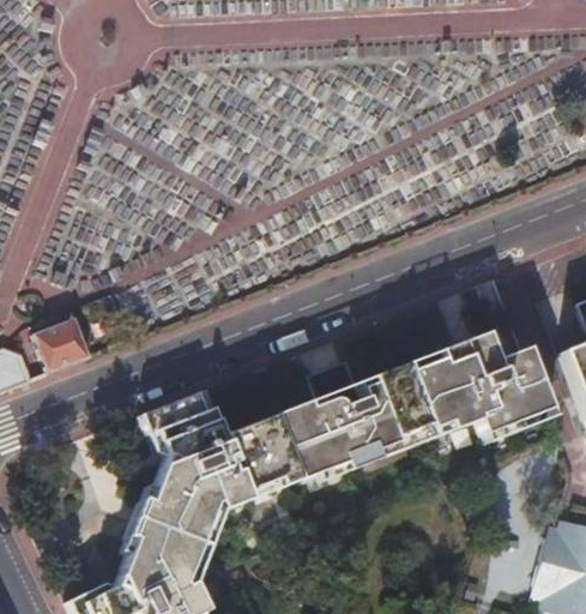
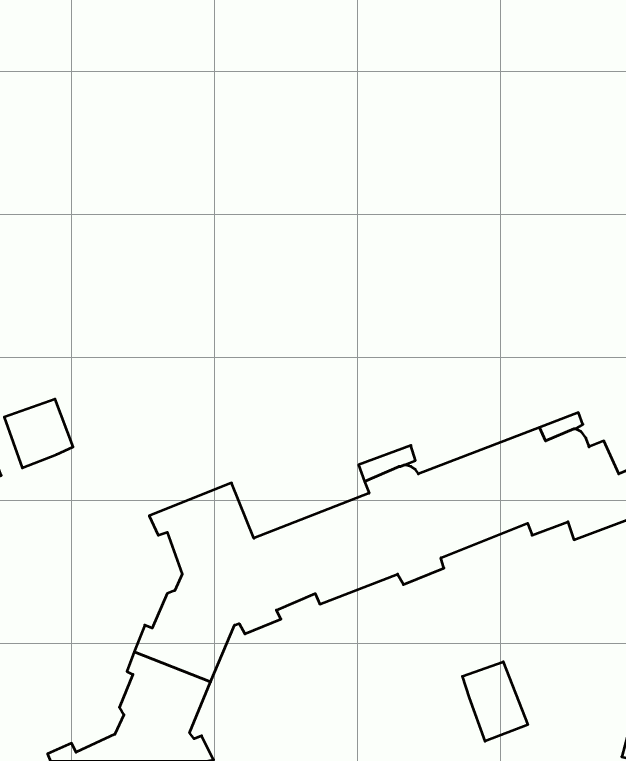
building: none -> [462,662,528,741]

